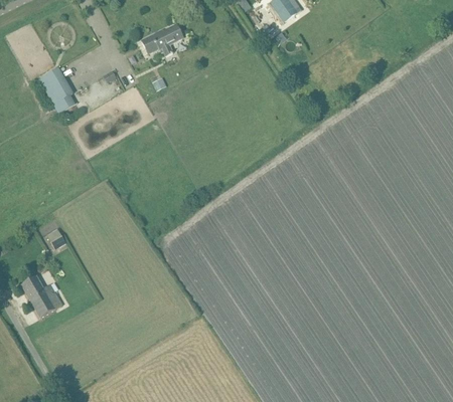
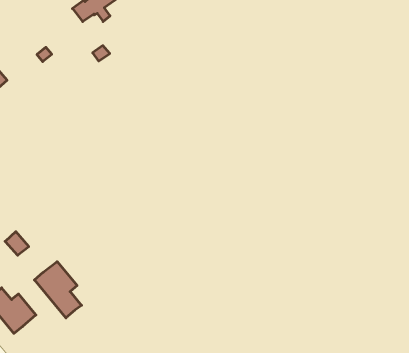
building: none -> [34,262,82,318]

